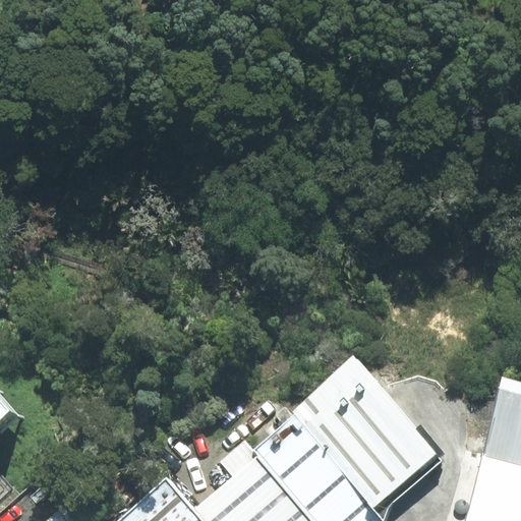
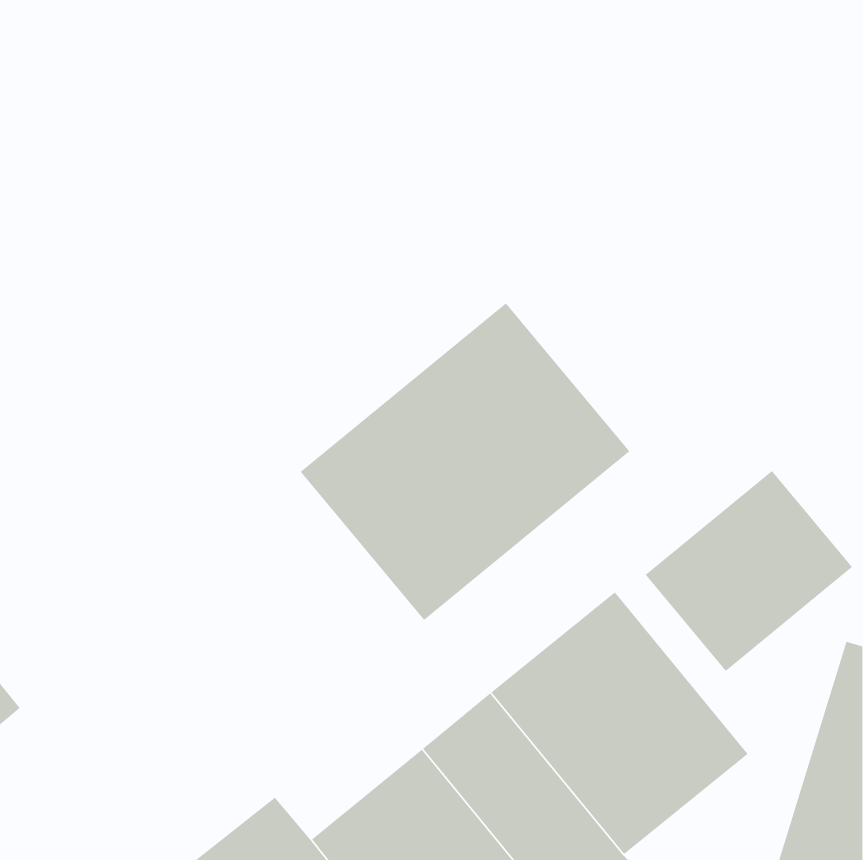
building: none -> [300,302,630,621]
building: none -> [645,470,853,672]

